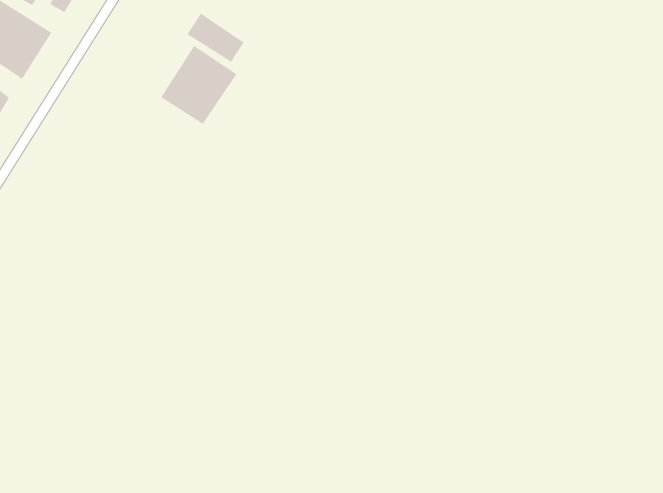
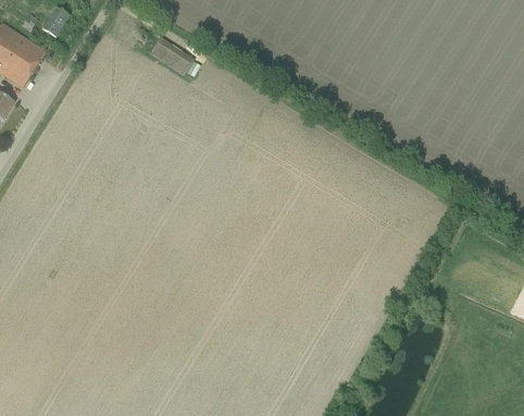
building: [160,45,237,125] -> none

